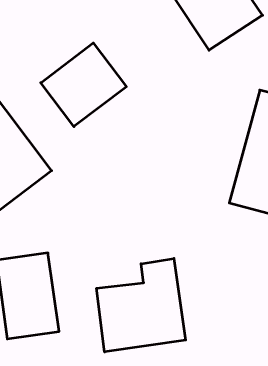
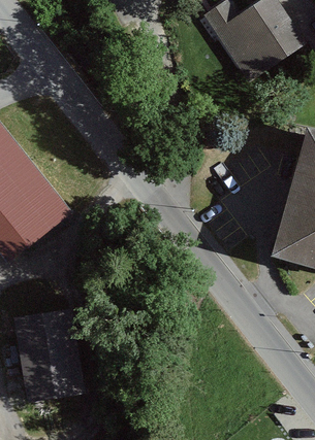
building: [41,43,126,127] -> none
building: [97,258,186,352] -> none

